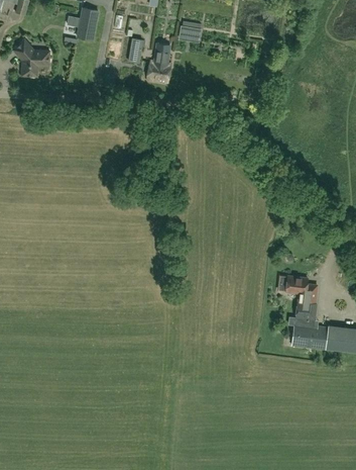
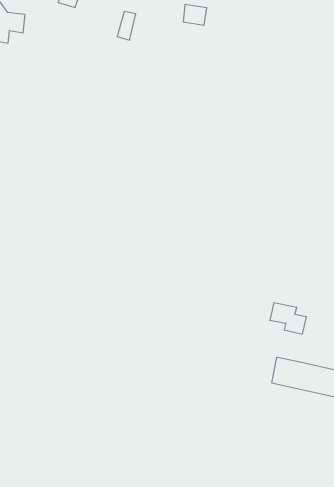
building: [145,50,170,83] -> none
building: [294,298,315,324] -> none

